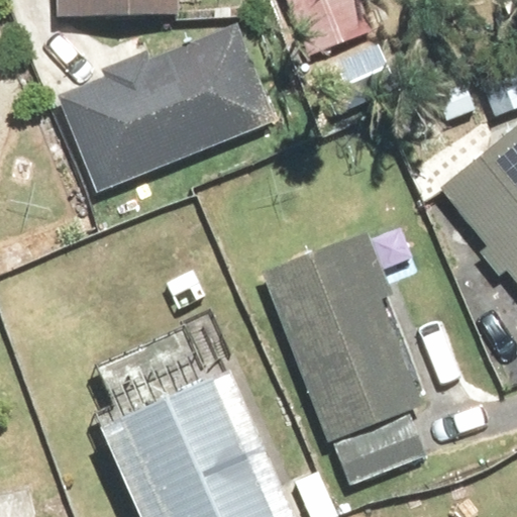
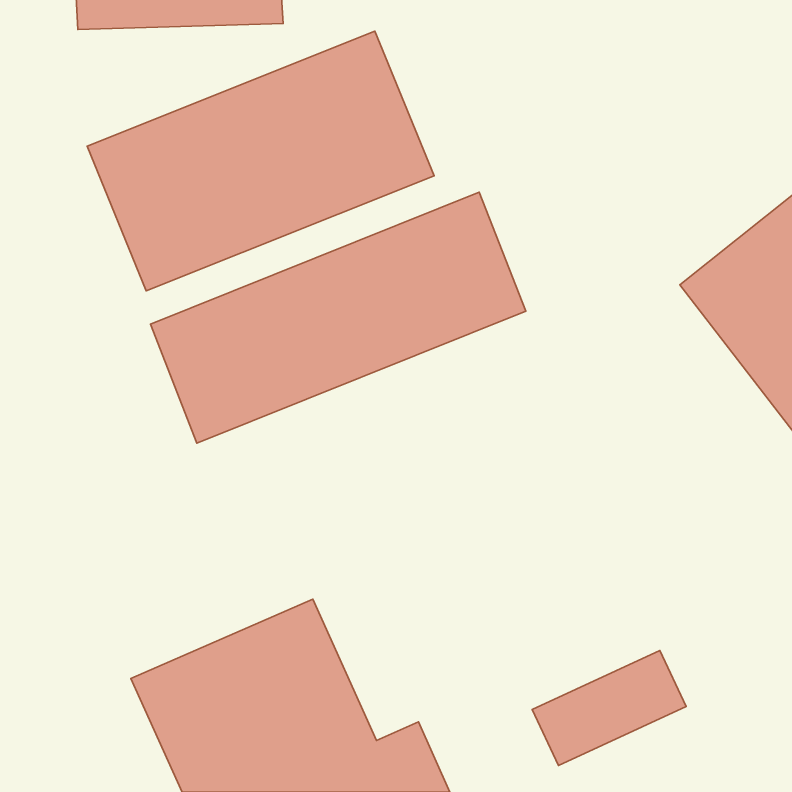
building: none -> [151,192,526,443]
building: [260,230,426,444] -> none

